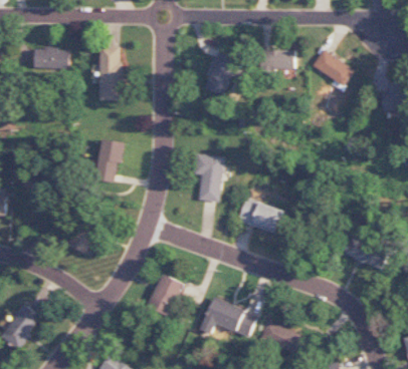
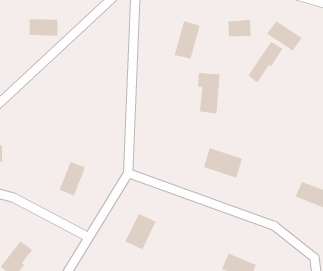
building: [99,46,122,100] -> none
building: none -> [248,41,283,83]
building: [96,139,124,180] -> none
building: [196,154,223,203] -> [197,73,221,114]
building: [200,298,257,337] -> none

